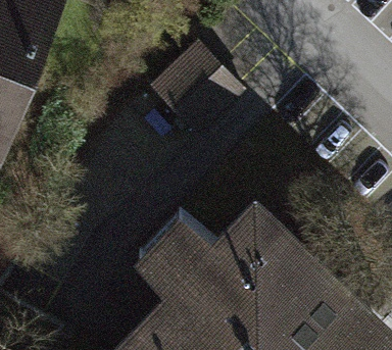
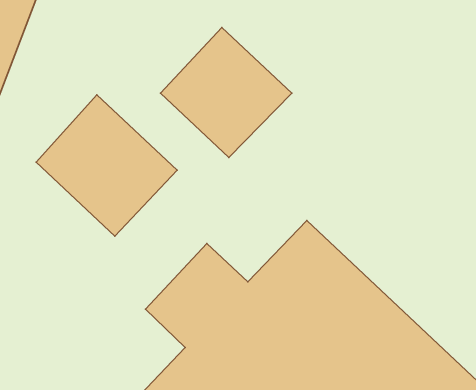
building: none -> [36,95,177,236]

